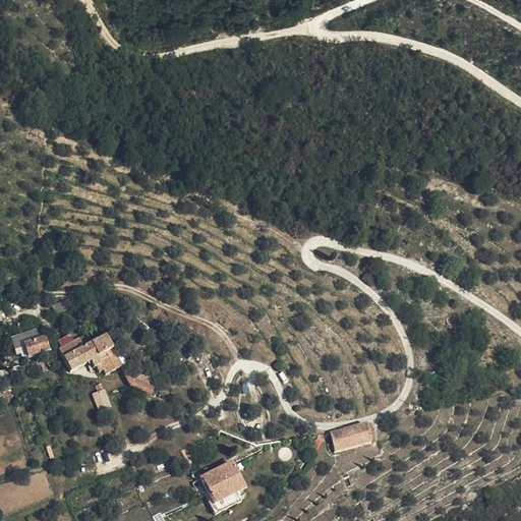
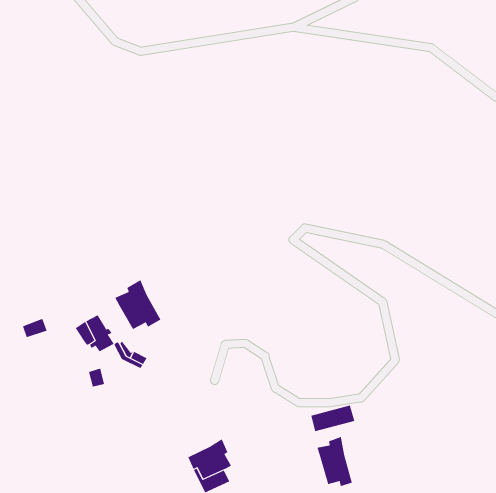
building: none -> [115,279,161,330]
building: [60,340,88,366] -> none
building: none -> [317,436,353,487]

